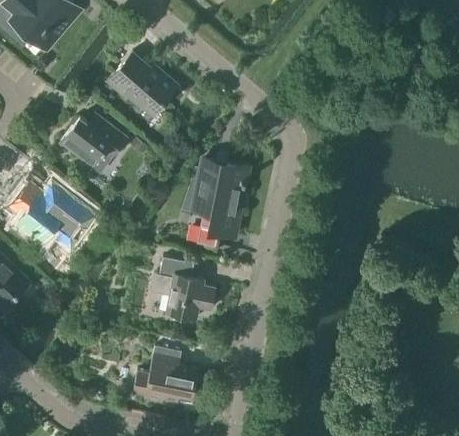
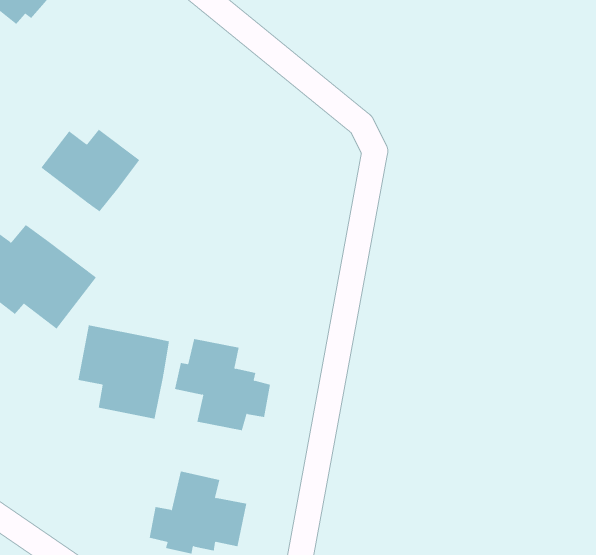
building: [106,52,177,116] -> none
building: [186,163,246,247] -> none
building: none -> [78,325,170,419]

